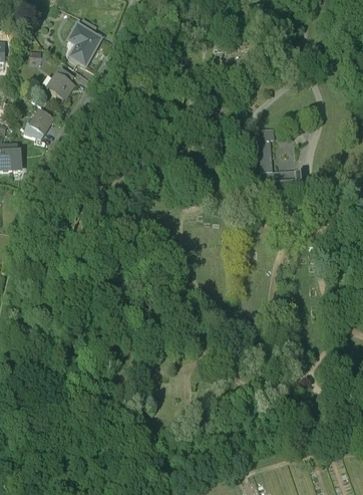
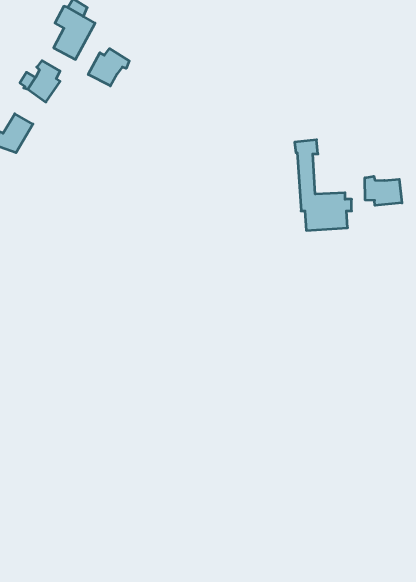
building: none -> [88,49,129,86]
building: none -> [365,176,402,205]

